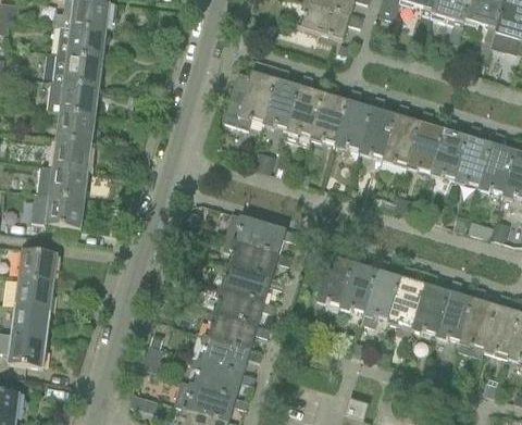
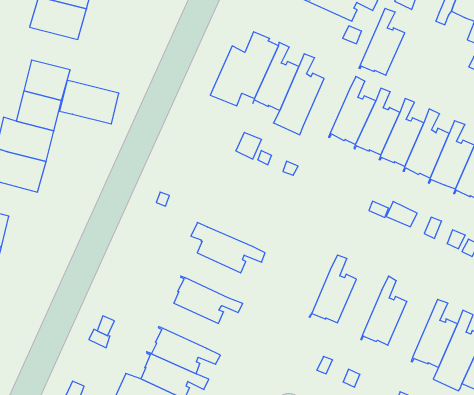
building: [48,82,99,115] -> [60,81,119,124]
building: [311,82,348,141] -> [359,8,405,75]
building: [225,212,299,252] -> none
building: [315,242,352,304] -> none
building: [361,257,400,326] -> none
building: [223,263,284,301] -> none
building: [411,271,448,332] -> none
building: [209,311,270,349] -> none

